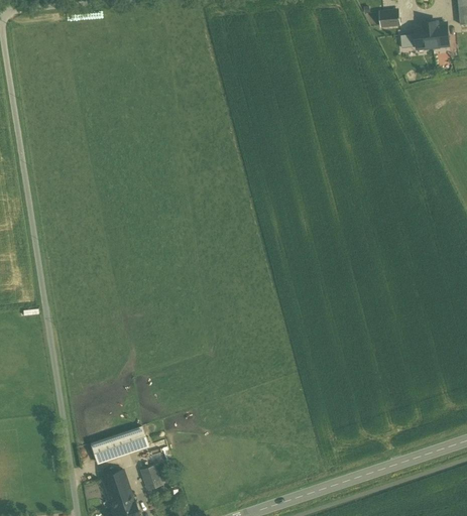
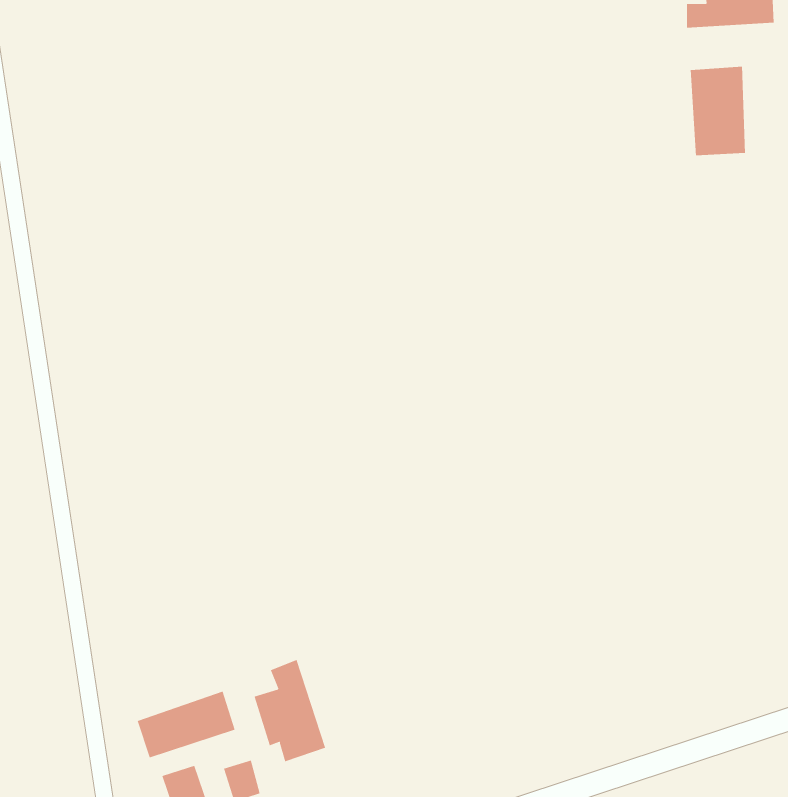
building: none -> [690,66,746,156]
building: none -> [254,659,326,762]

